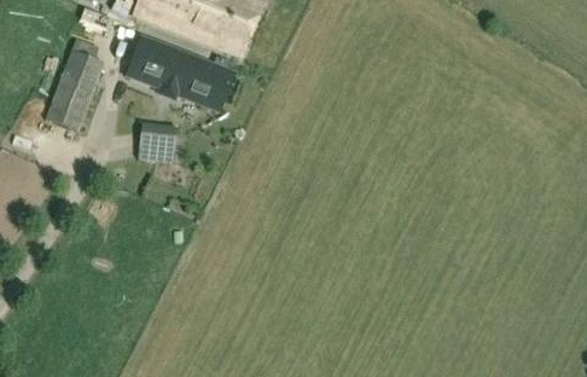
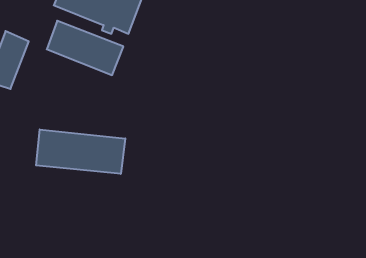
building: [135,122,174,163] -> none
building: none -> [36,129,125,174]

